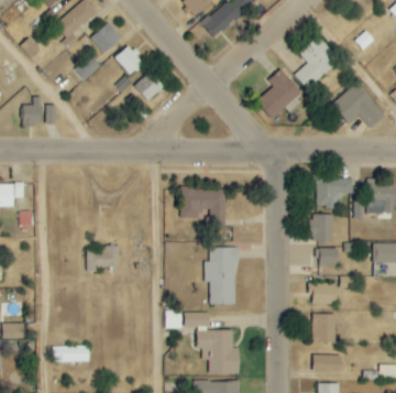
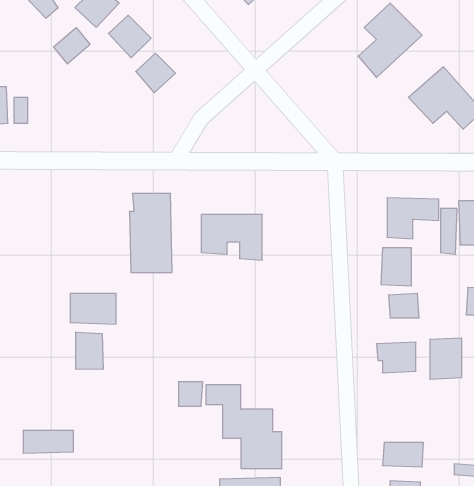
building: [256,69,301,120] -> none
building: [207,247,238,304] -> [129,193,172,272]
building: none -> [76,332,103,369]
building: [312,313,336,342] -> [430,338,462,379]

